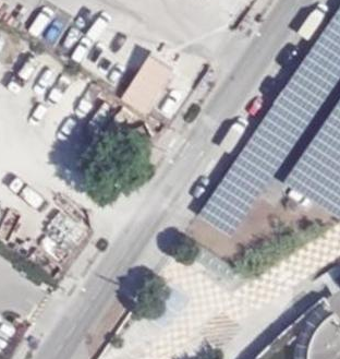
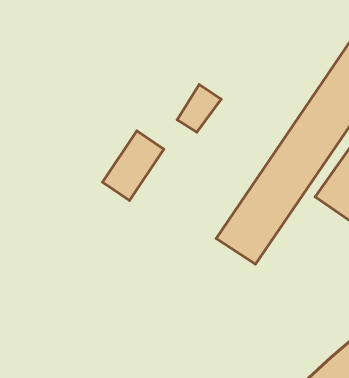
building: [122,56,177,118] -> [103,131,164,201]

